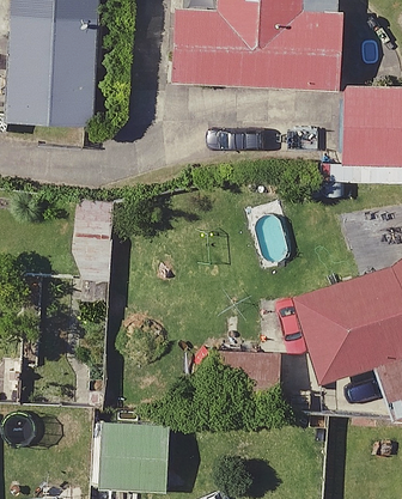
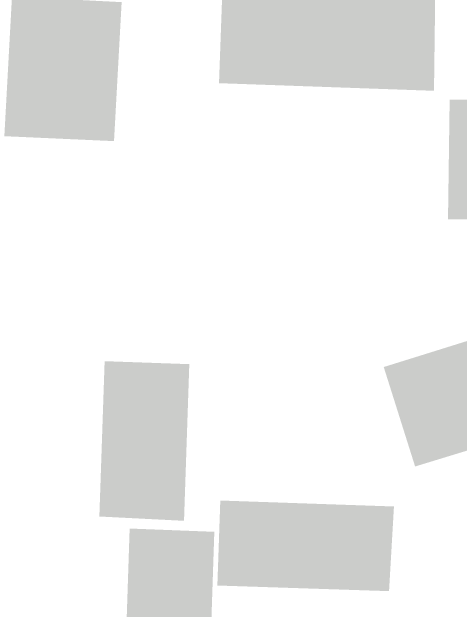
building: none -> [99,361,190,522]
building: none -> [217,500,394,592]

